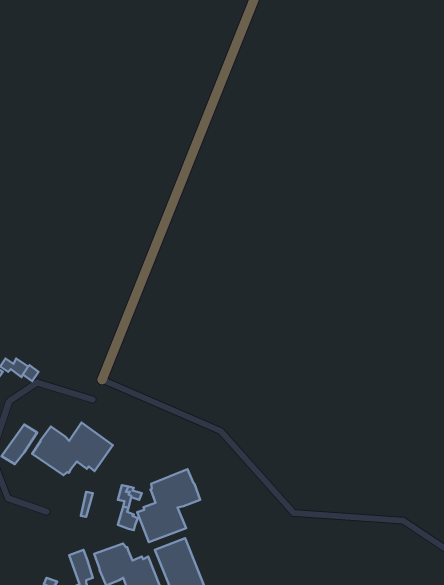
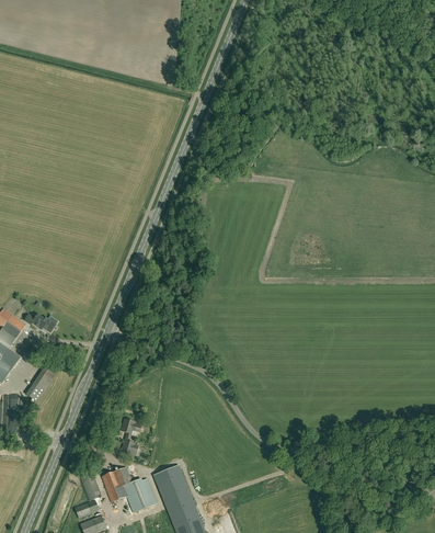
building: [32,422,113,475] -> none
building: [137,469,200,542] -> none

